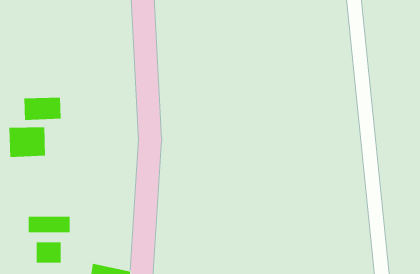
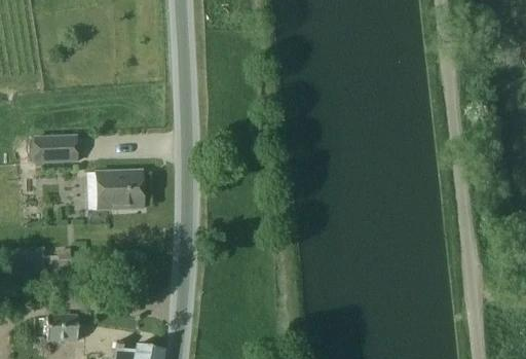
building: [9,127,46,157] -> [97,172,143,210]
building: [28,216,70,233] -> none

